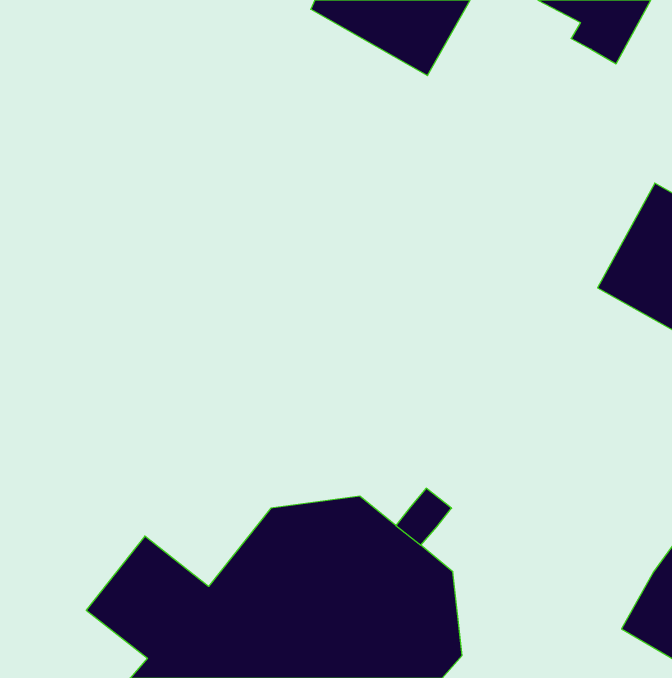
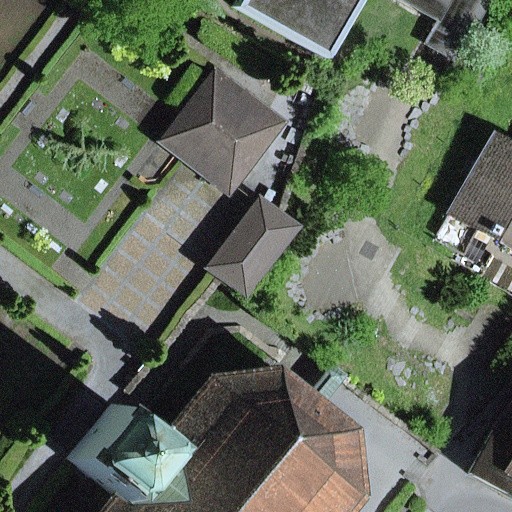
building: none -> [173,75,283,184]
building: none -> [214,202,295,291]

